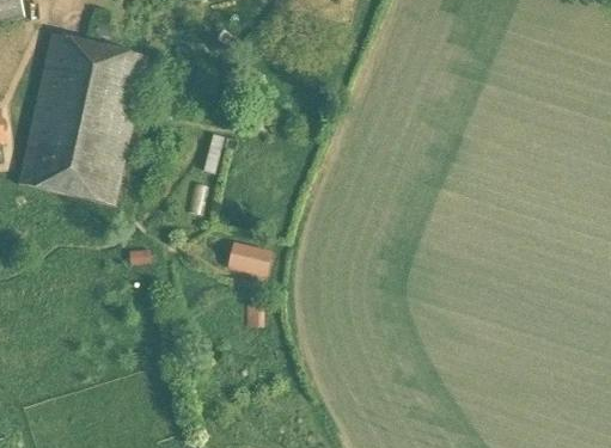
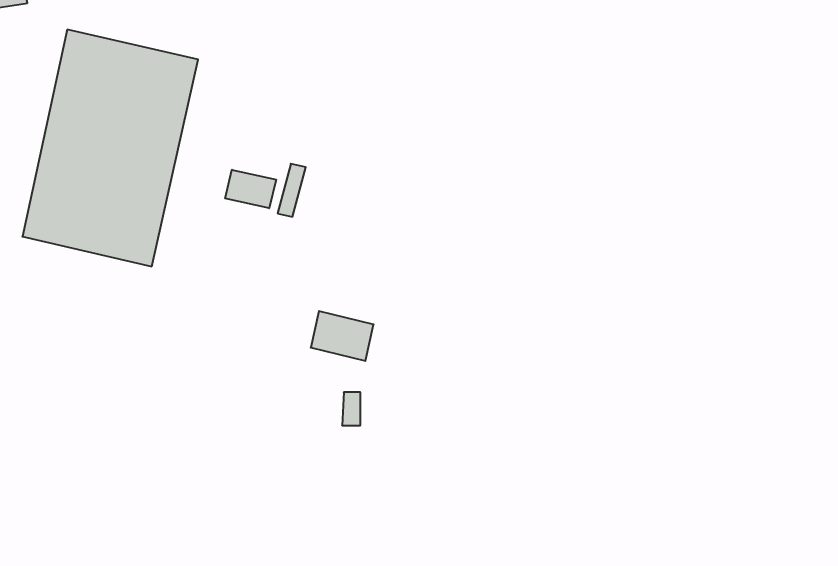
building: none -> [225,170,276,208]

